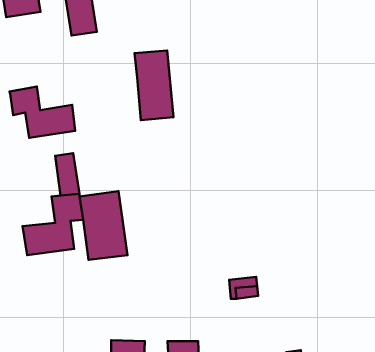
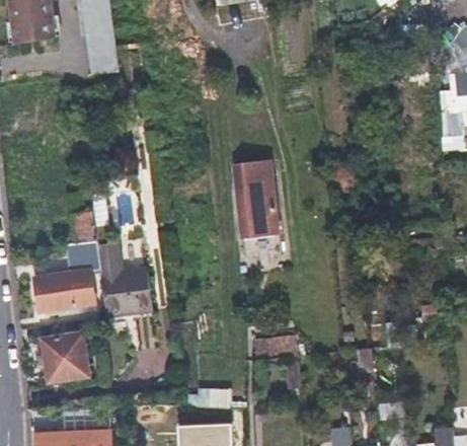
building: [134,50,173,120] -> [233,161,277,239]
building: [10,87,75,138] -> none
building: none -> [42,332,88,381]

